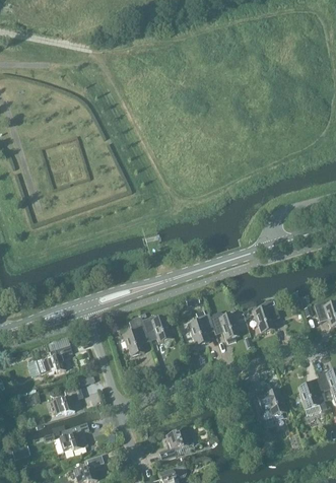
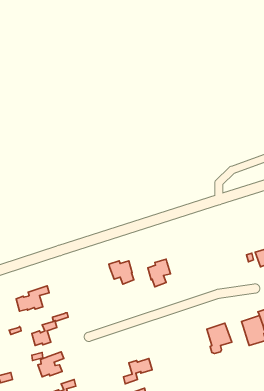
building: [253,300,279,333] -> none
building: [210,313,240,343] -> none
building: [123,318,149,356] -> none

